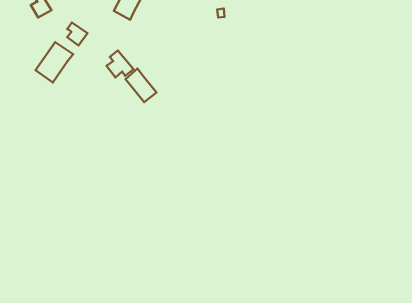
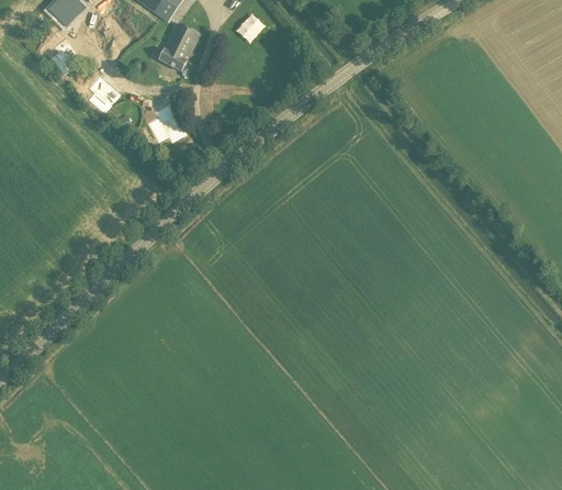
building: [36,42,73,82] -> none
building: [125,69,157,102] -> none

